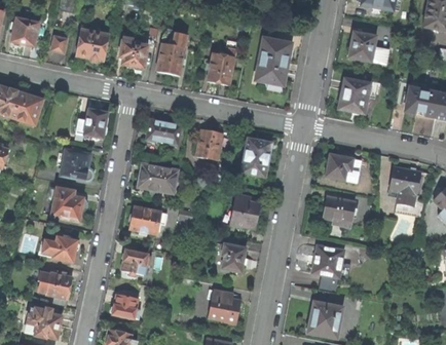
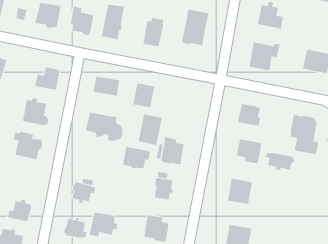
building: [240,138,271,177] -> [138,114,163,146]
building: [129,205,164,233] -> [122,146,151,169]
building: none -> [265,152,295,171]
building: [41,235,78,262] -> none
building: none -> [89,212,118,237]

